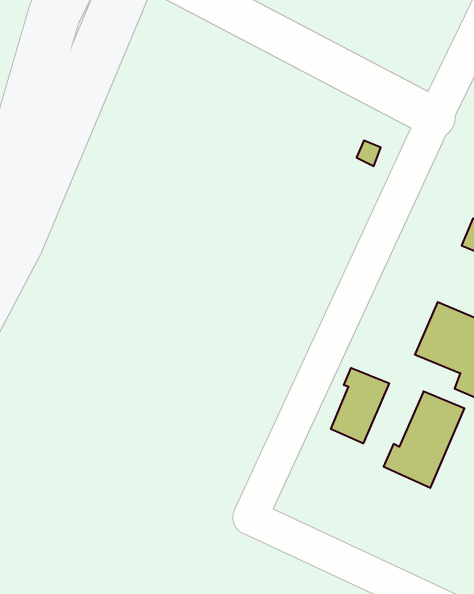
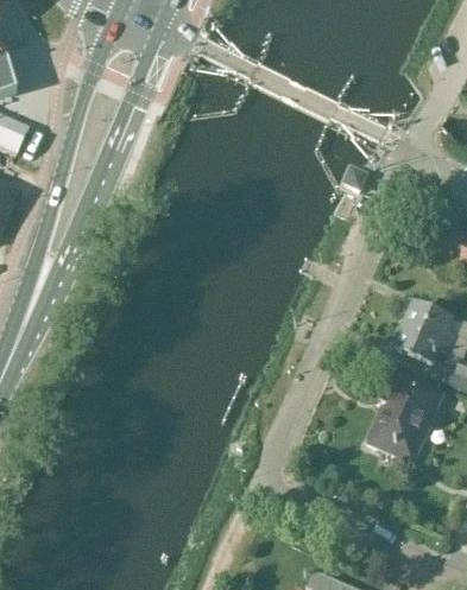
building: [331,368,389,443] -> none

